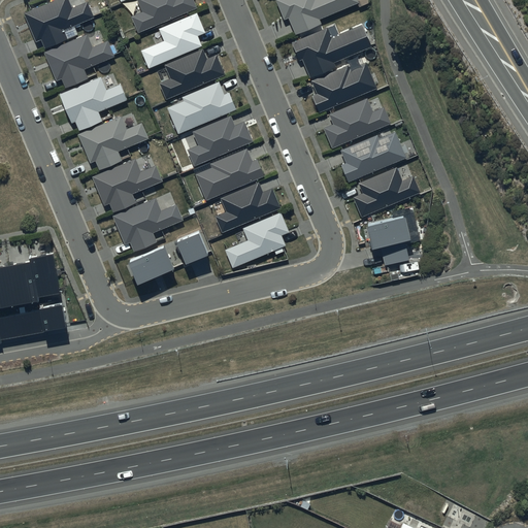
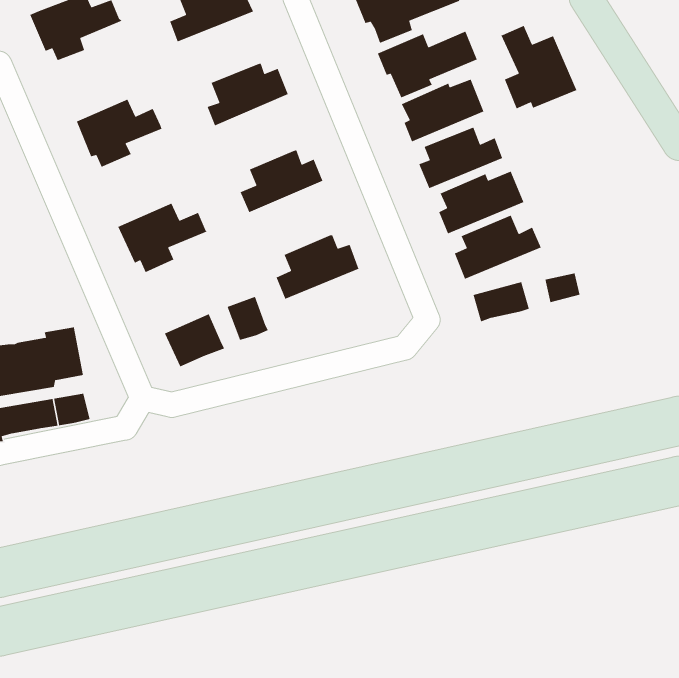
building: [141,11,204,67] -> none
building: none -> [500,25,578,109]
building: [43,33,112,87] -> none
building: [167,81,236,133] -> none
building: [77,114,146,169] -> none
building: [196,146,264,199] -> none
building: [112,197,183,252] -> none
building: [223,211,289,268] -> none
building: [381,241,408,265] -> [545,273,580,303]

